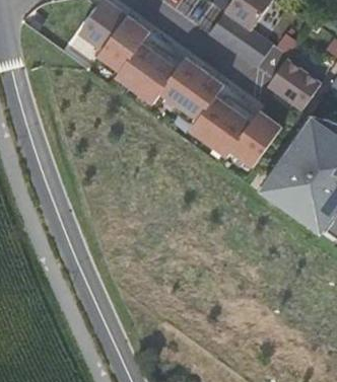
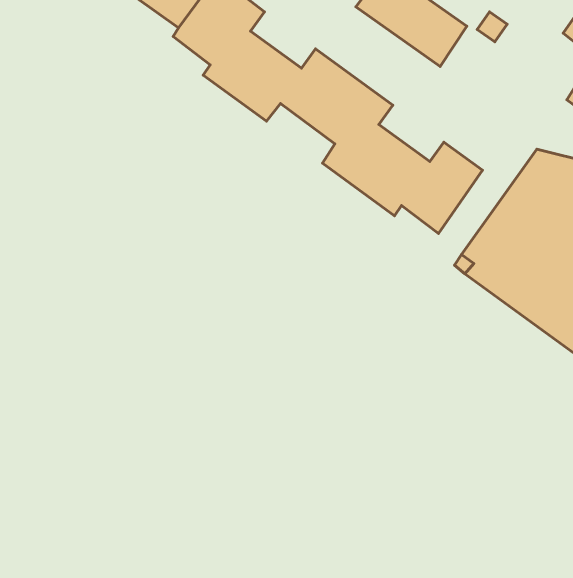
building: [268,59,321,110] -> none

